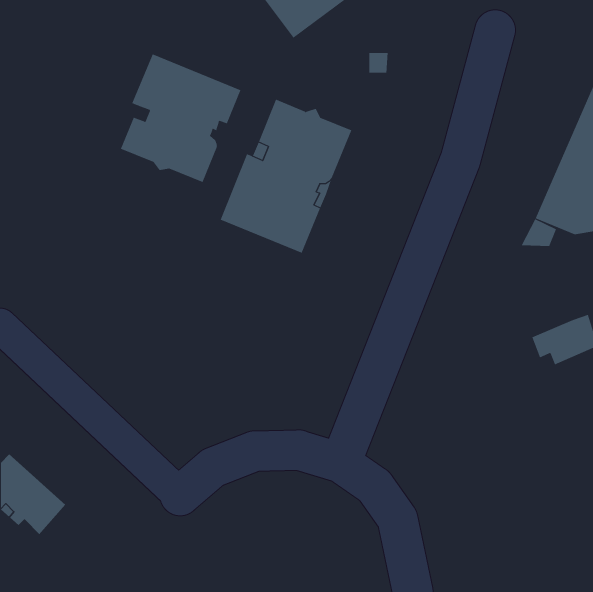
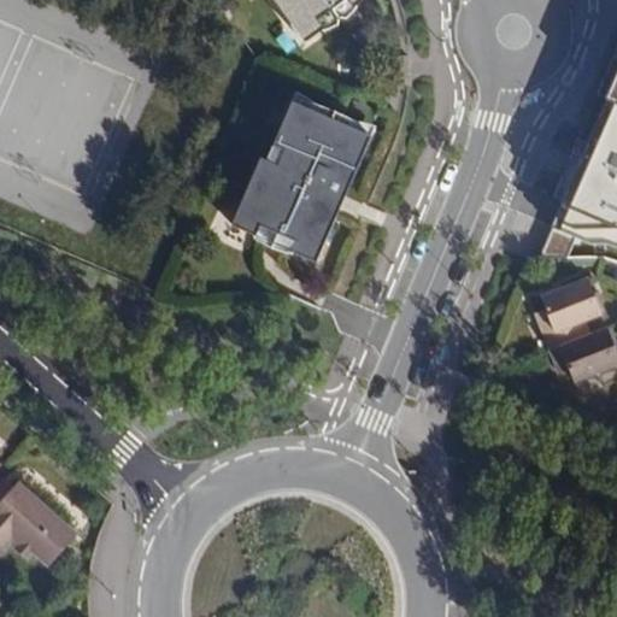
building: [120,54,241,183] -> none
building: none -> [537,275,604,349]

